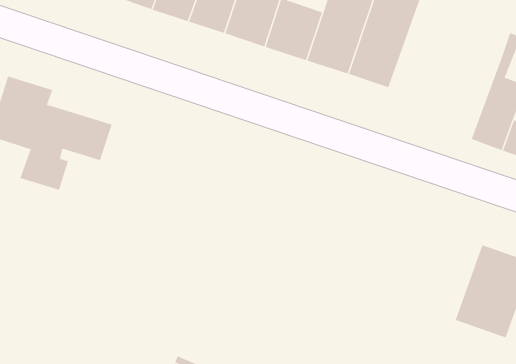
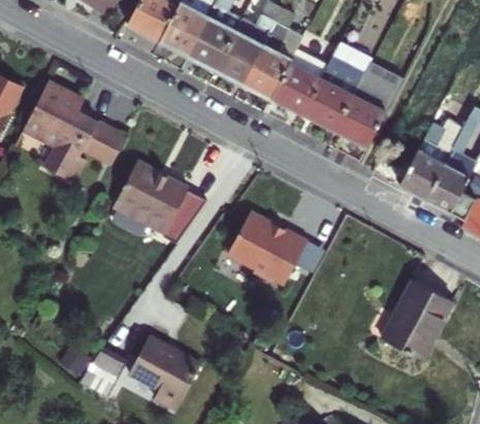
building: none -> [394,127,455,198]
building: none -> [117,163,210,246]
building: none -> [227,208,308,284]

